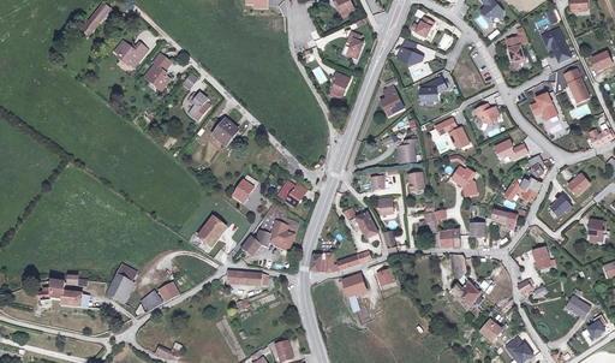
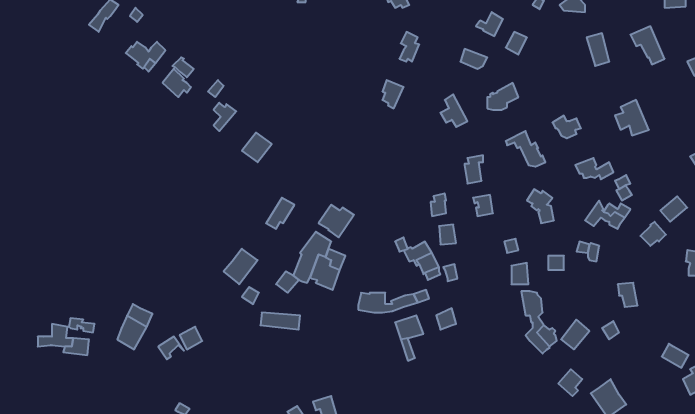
building: [562,66,587,105] -> none

